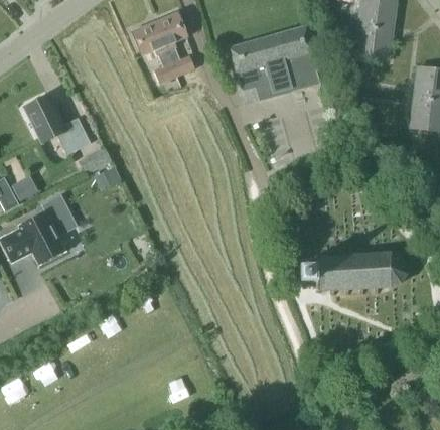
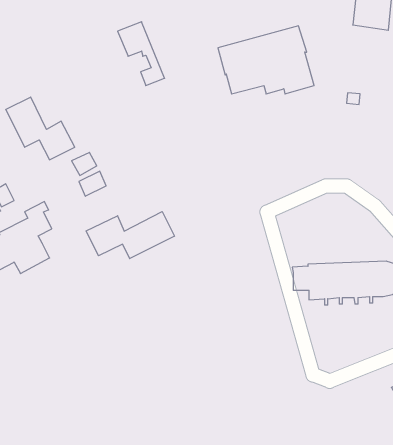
building: [155,11,195,76] -> none
building: [354,24,393,58] -> none
building: none -> [86,212,174,259]

